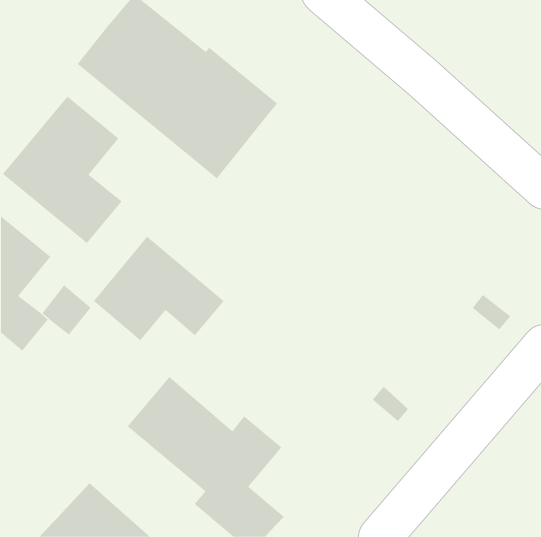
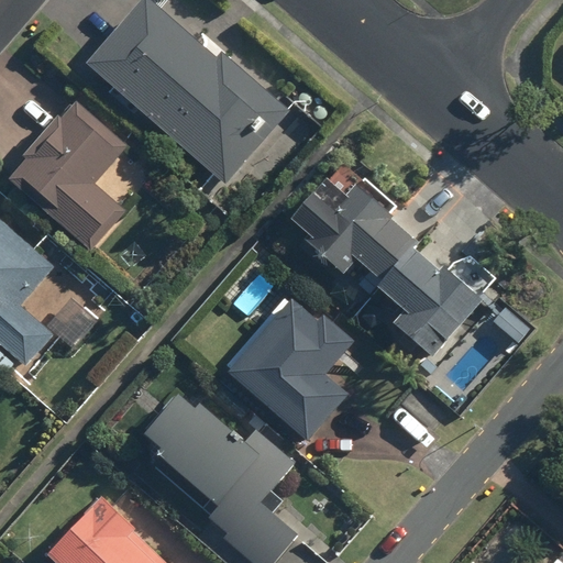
building: none -> [282,180,504,361]
building: [93,236,225,341] -> none
building: none -> [223,299,351,442]

